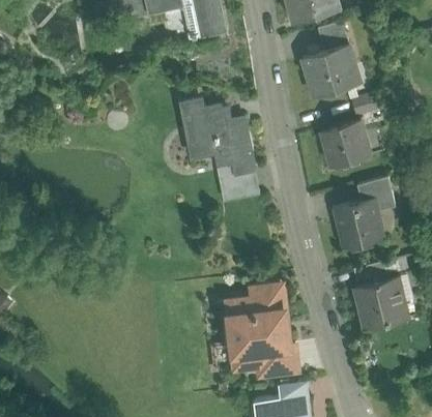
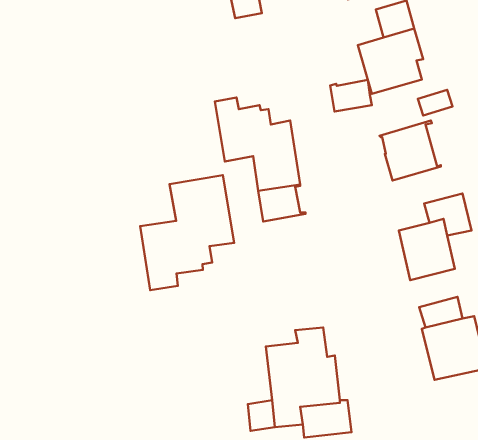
building: none -> [330,80,372,112]
building: none -> [140,175,234,290]

